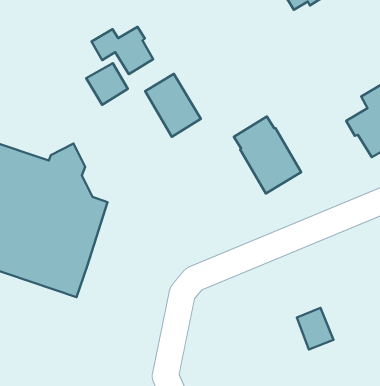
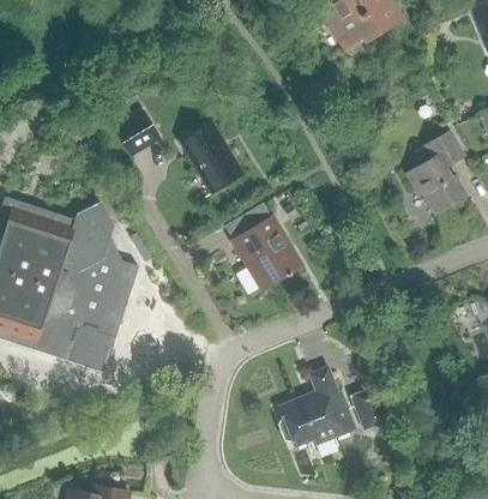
building: [91,27,153,74] -> none
building: [234,116,301,193] -> [225,203,301,289]
building: none -> [278,366,355,446]

